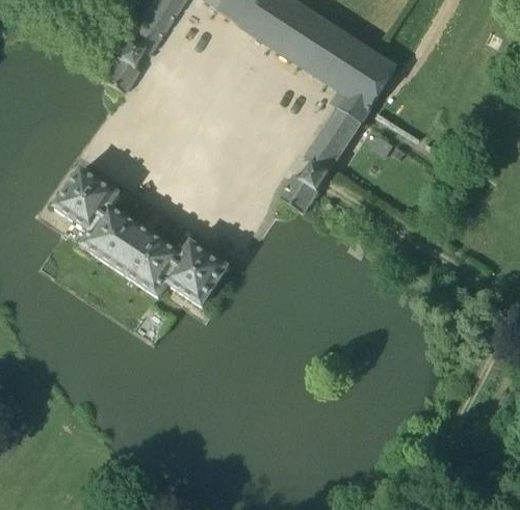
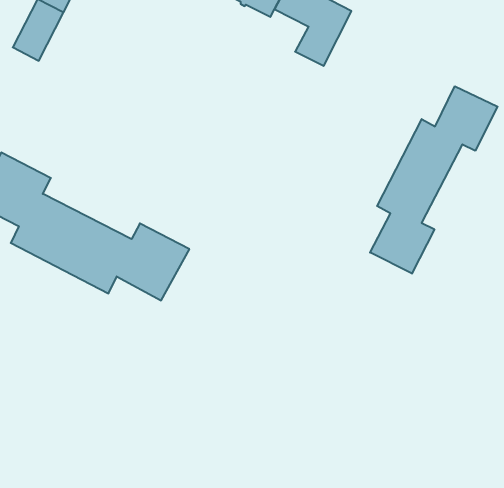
building: [280,107,360,211] -> none
building: none -> [370,86,498,274]

